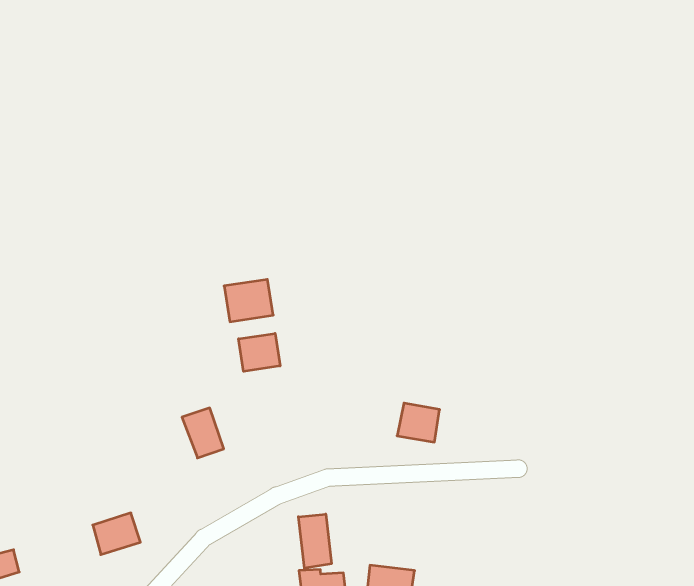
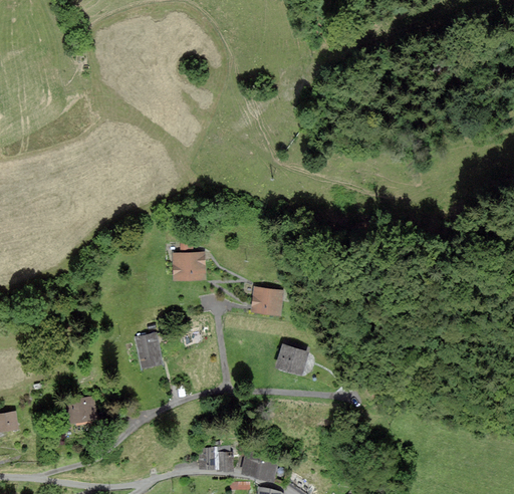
building: none -> [251,288,281,314]
building: [239,333,280,371] -> none
building: [298,514,331,568] -> none

